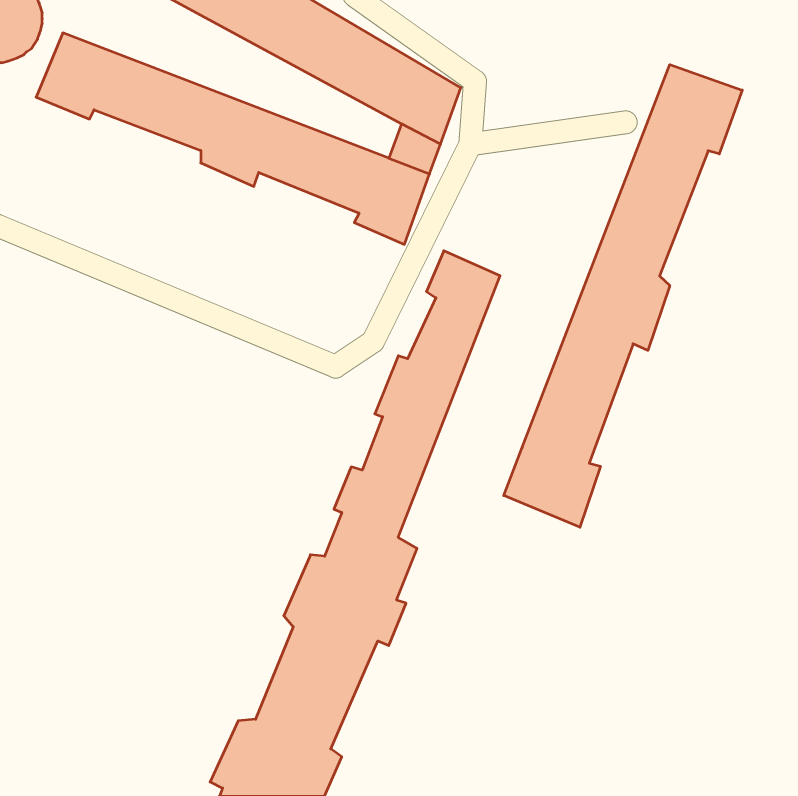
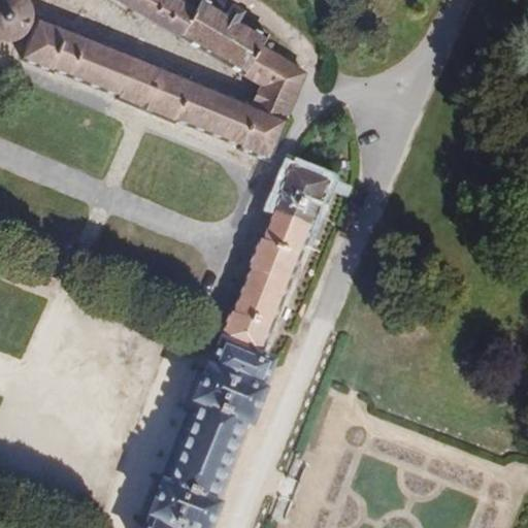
building: [504,65,742,527] -> none

